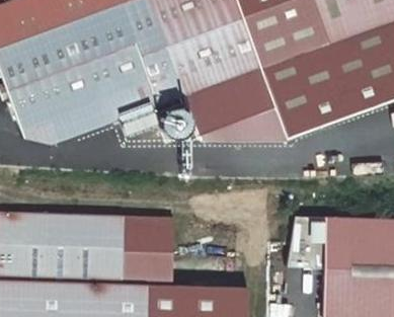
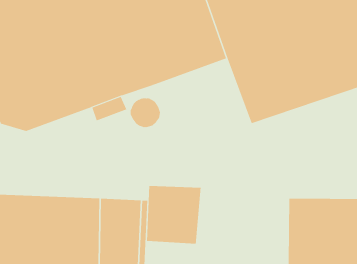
building: [178,69,282,141] -> none
building: none -> [146,185,201,244]

